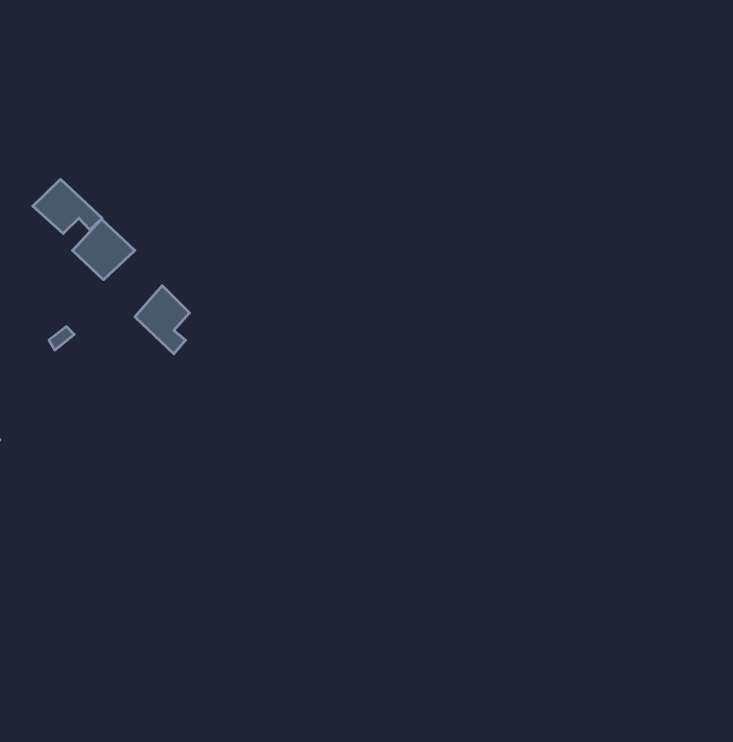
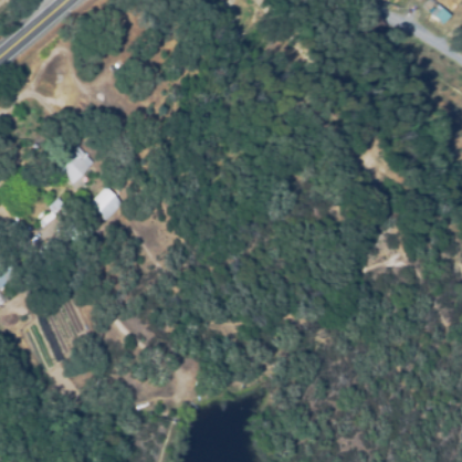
building: [33,179,102,234] -> none

